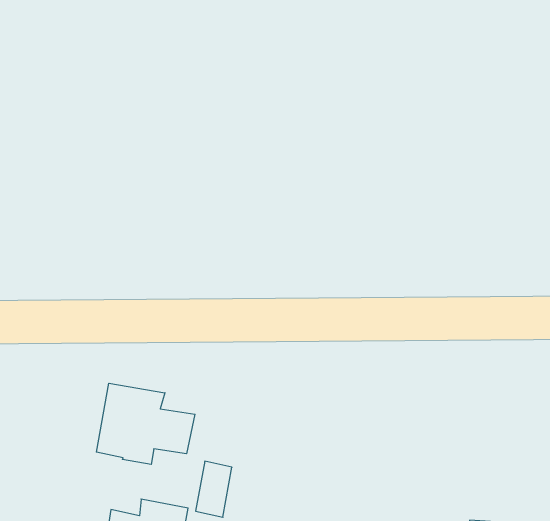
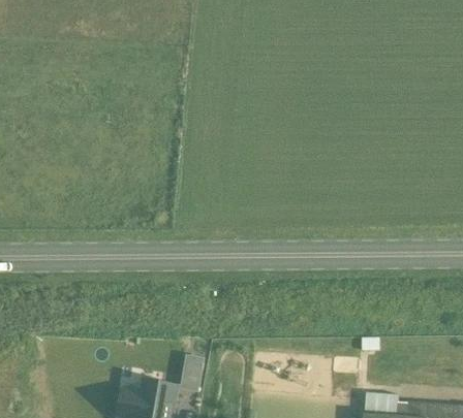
building: [96,383,195,464] -> none

